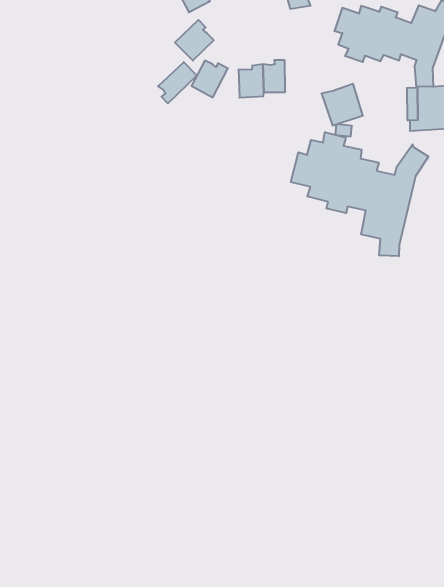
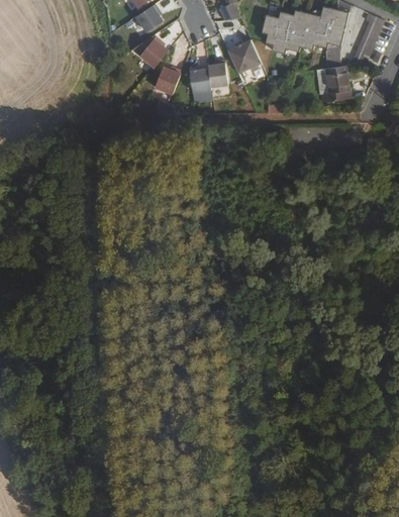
building: [158,62,197,103] -> none
building: [321,84,363,125] -> [227,40,261,74]
building: [291,132,428,256] -> none

